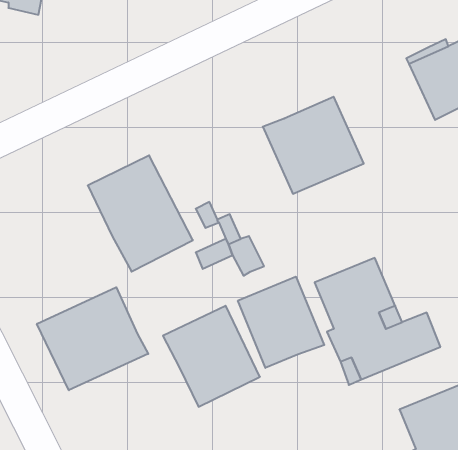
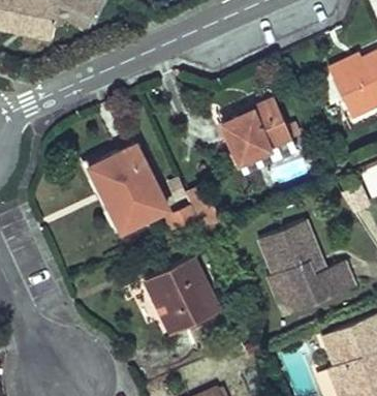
building: [238,277,324,368] -> none
building: [37,287,148,390] -> none

